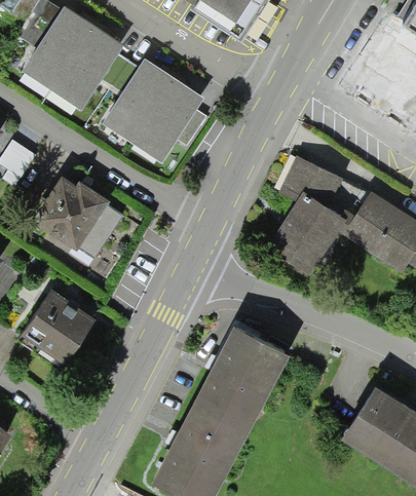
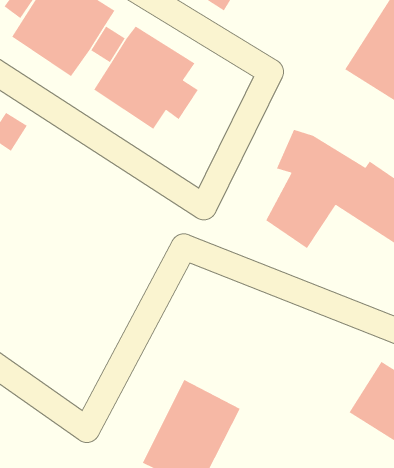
building: [32,179,122,263] -> none
building: [23,301,97,375] -> none
building: [191,329,285,430] -> none

